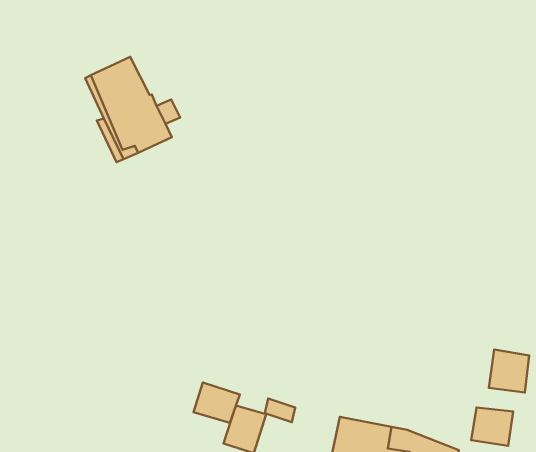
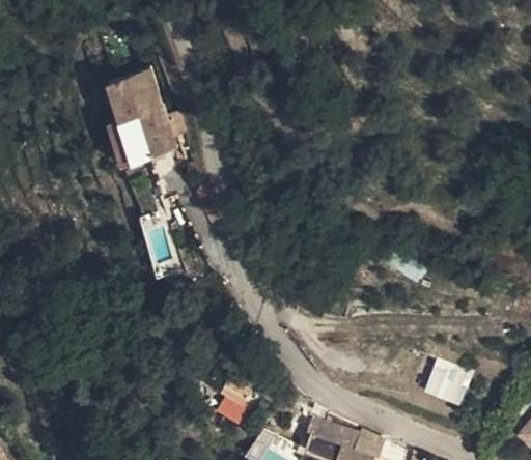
building: [193,382,240,423] -> none
building: [471,407,513,446] -> none

